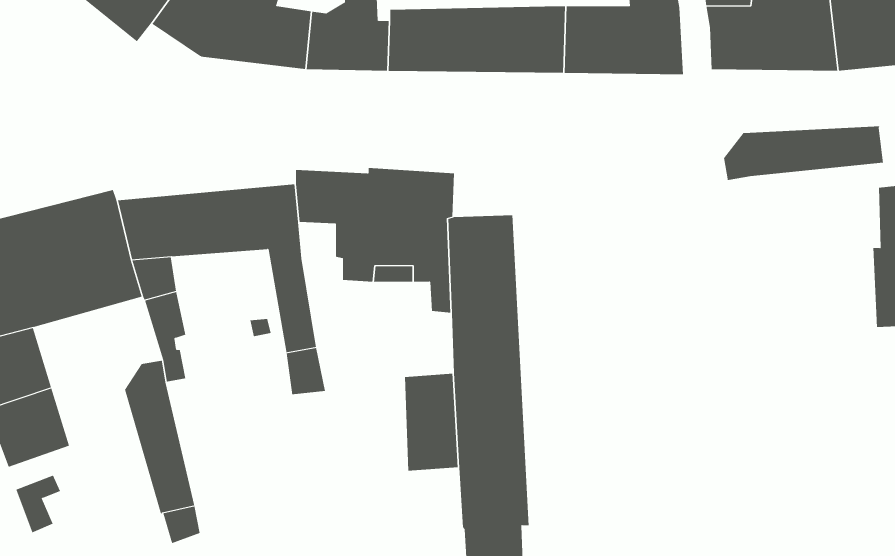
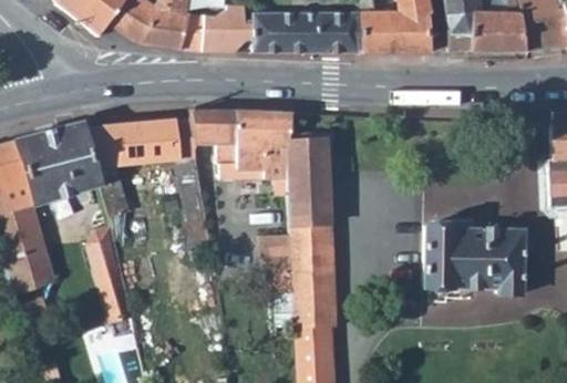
building: [723,125,883,181] -> none
building: none -> [425,224,524,293]

